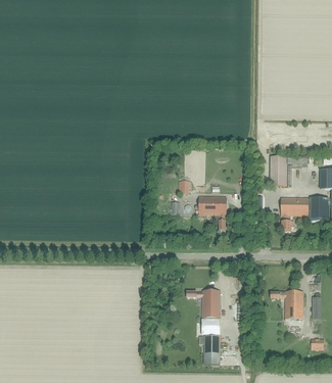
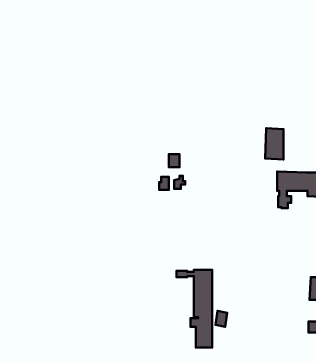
building: [198,195,226,229] -> none
building: [269,290,302,318] -> none

